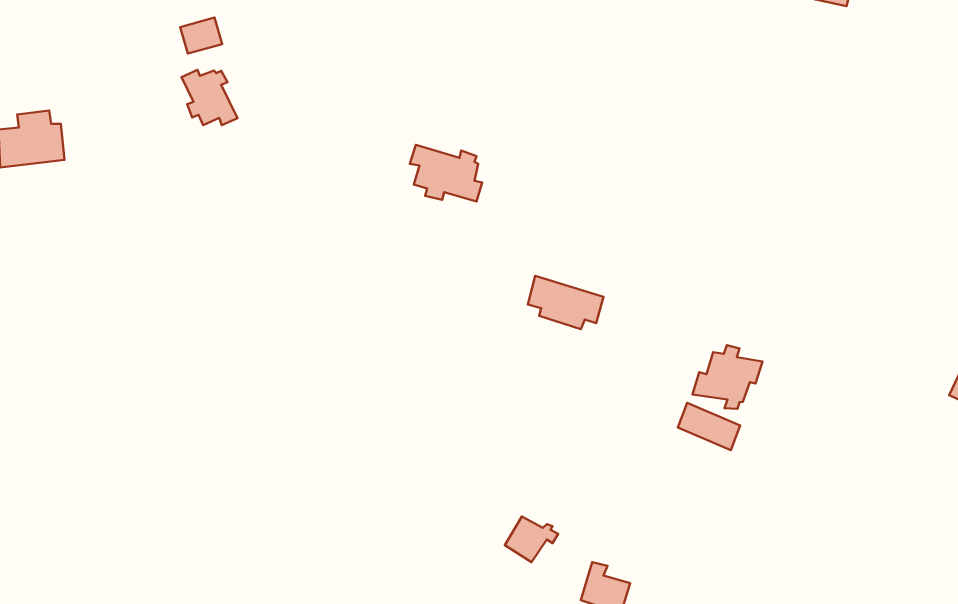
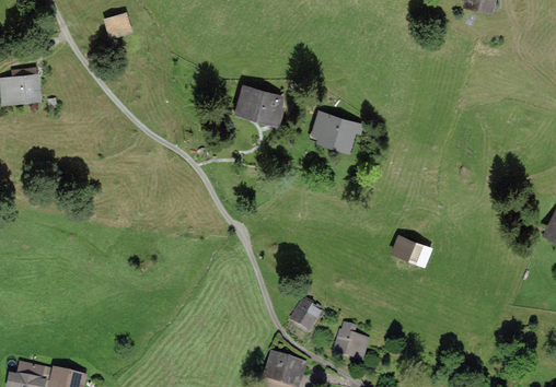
building: [182,70,238,125] -> none
building: [528,276,604,329] -> [314,115,358,145]
building: [693,345,762,409] -> none

